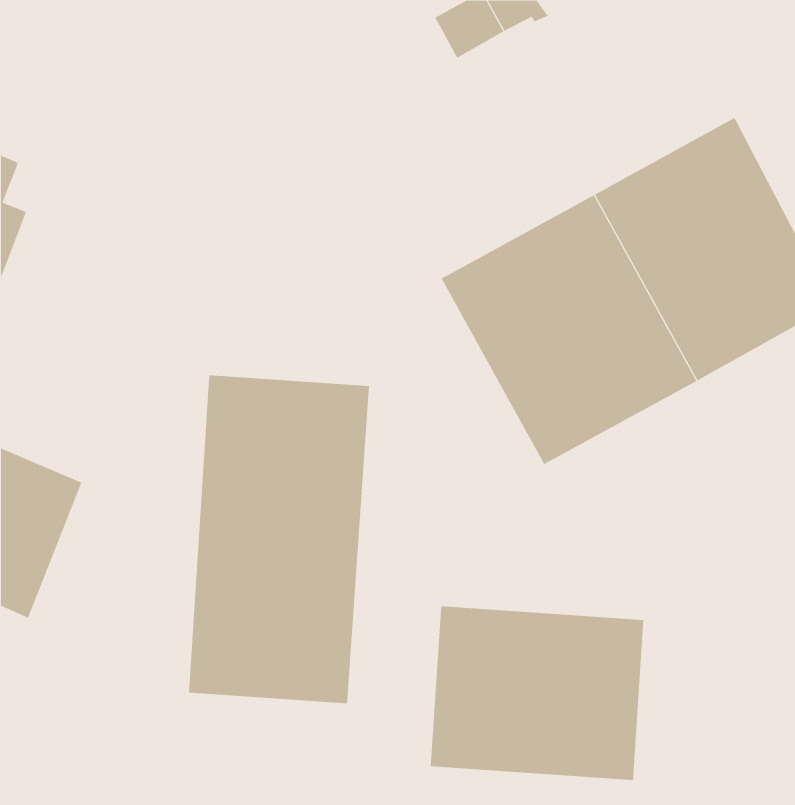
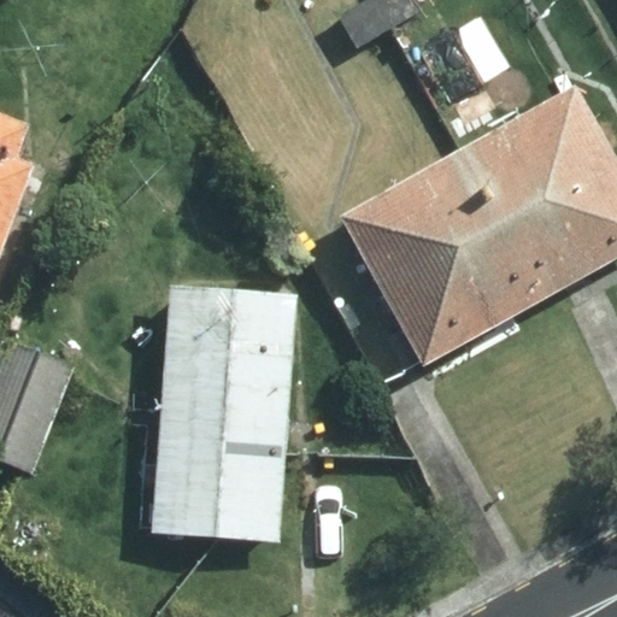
building: [430,606,644,781] -> none

